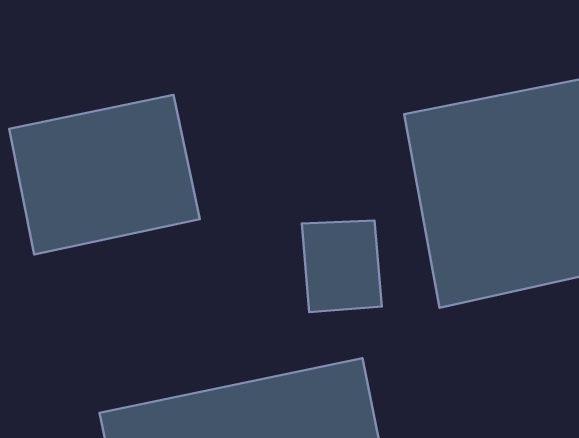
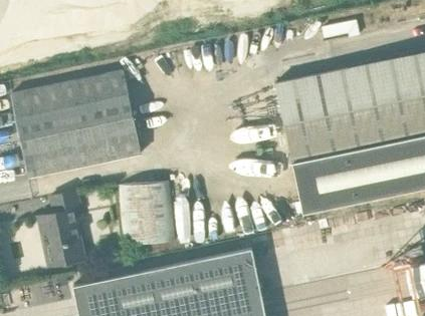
building: [302,221,382,312] -> [119,184,173,246]
building: none -> [37,192,83,267]

